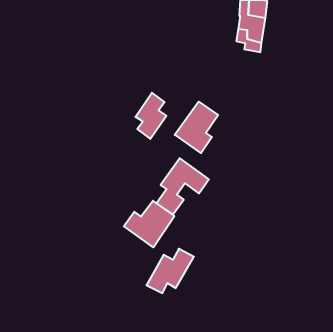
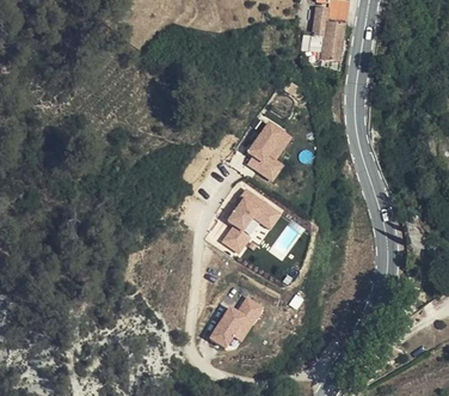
building: [135,93,166,139] -> none
building: [124,201,174,247] -> none

